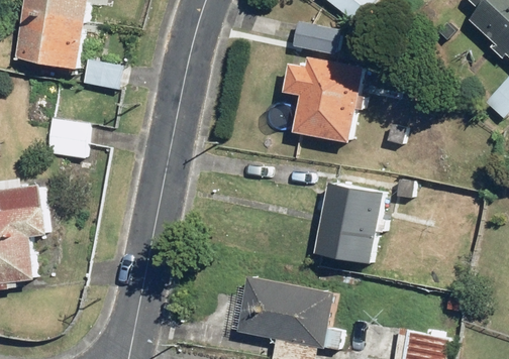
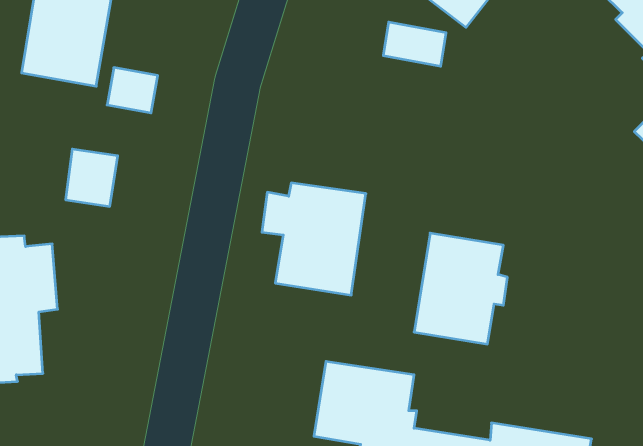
building: [282,56,361,141] -> [262,183,366,295]

